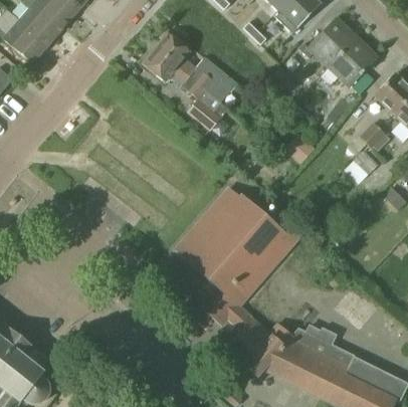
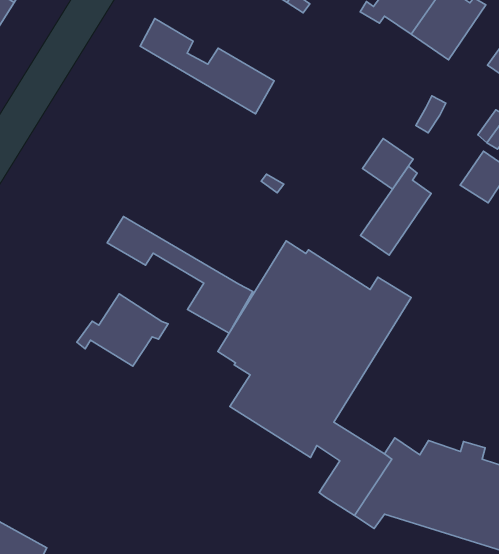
building: [143,48,230,133] -> [107,216,253,333]
building: none -> [360,166,431,255]
building: none -> [77,294,168,366]

